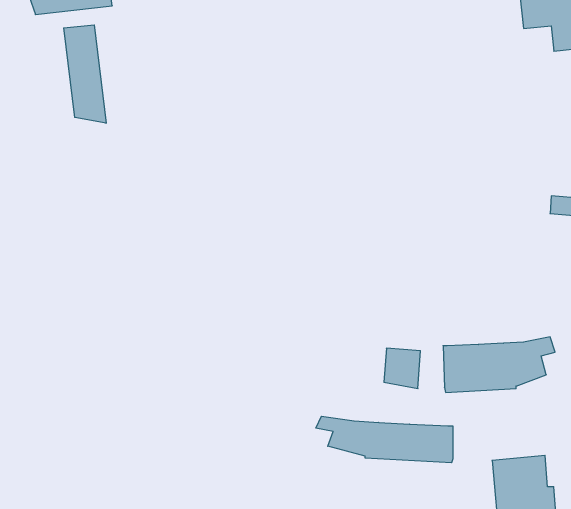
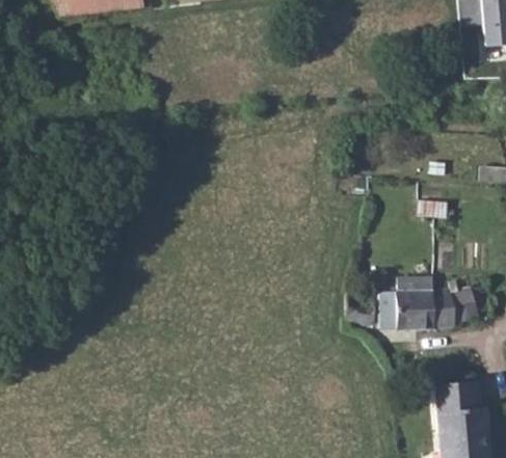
building: [64,25,106,123] -> none
building: [316,416,453,463] -> none

